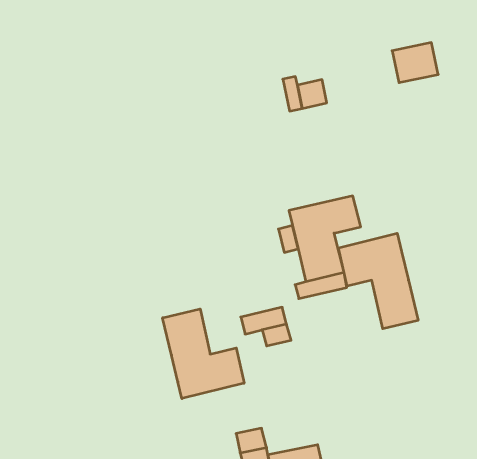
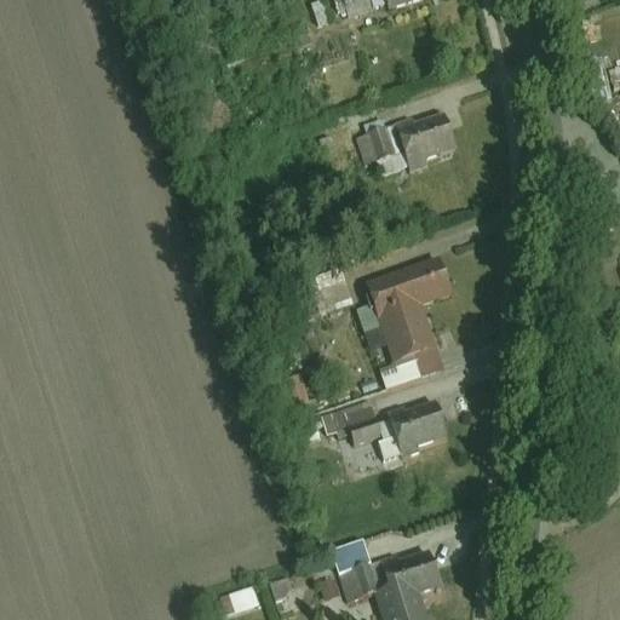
building: [392,43,438,83] -> [397,113,454,163]
building: [339,233,418,329] -> none
building: [163,309,244,399] -> none
building: none -> [388,403,447,455]

